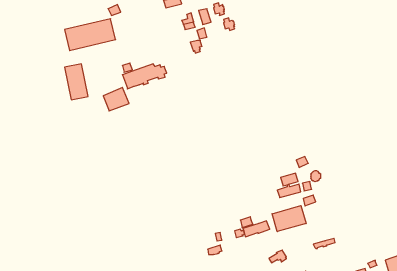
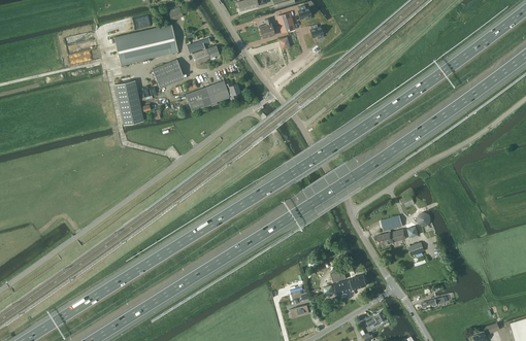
building: none -> [186,38,219,63]
building: [103,87,129,111] -> [152,59,184,88]
building: [272,206,306,232] -> none

